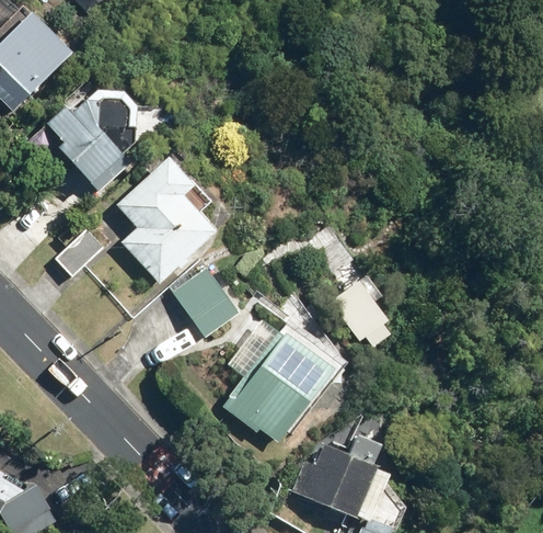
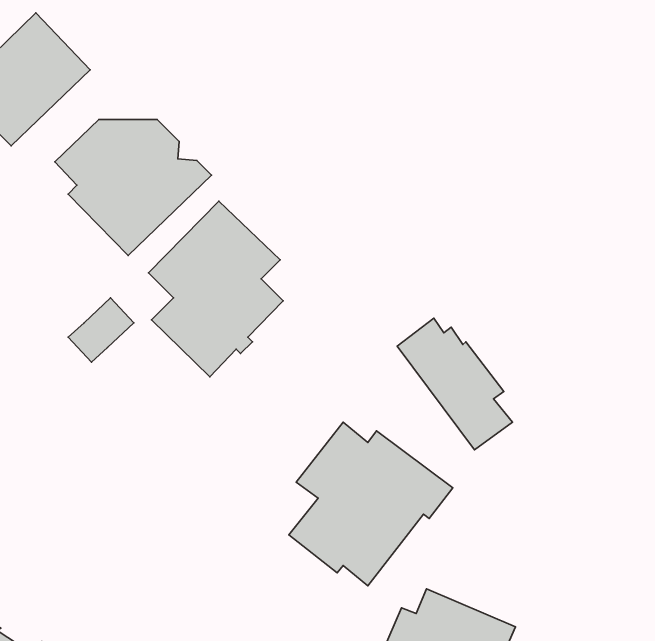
building: [170,263,242,338] -> none

